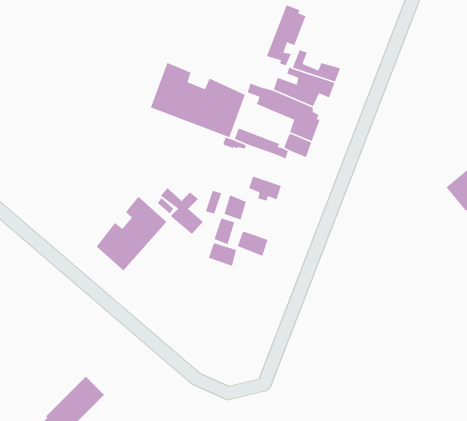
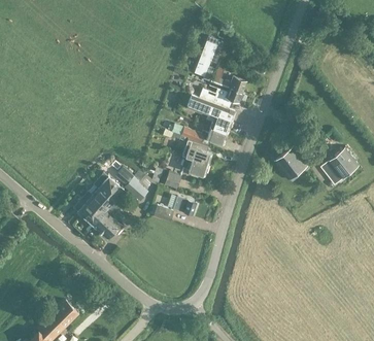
building: [150,62,246,138] -> none
building: none -> [181,140,208,165]
building: none -> [276,146,308,178]
building: none -> [93,208,124,238]

